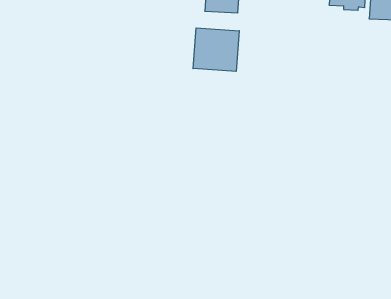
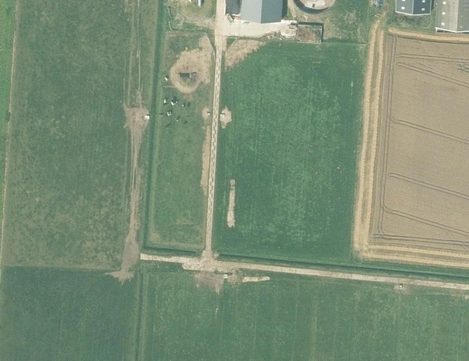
building: [193,28,239,71] -> none

